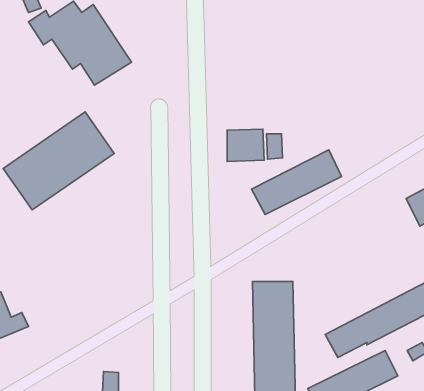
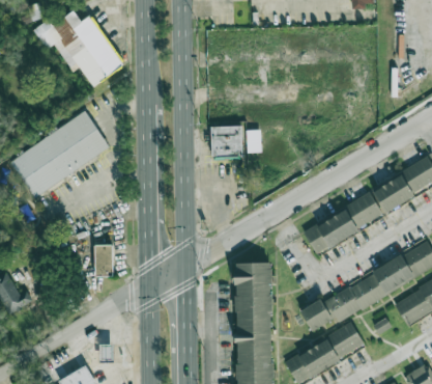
building: [251,150,341,215] -> [303,194,383,252]
building: none -> [96,245,116,276]

